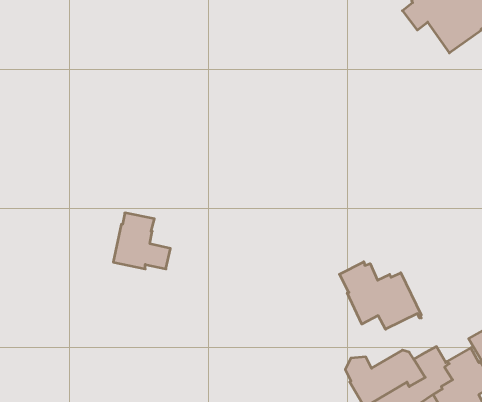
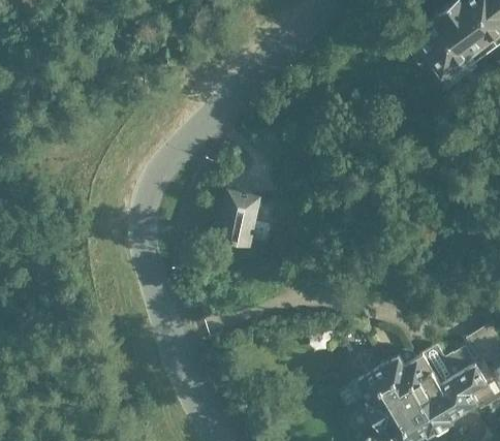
building: [113,213,170,269] -> [220,198,272,249]
building: [339,262,421,329] -> none

